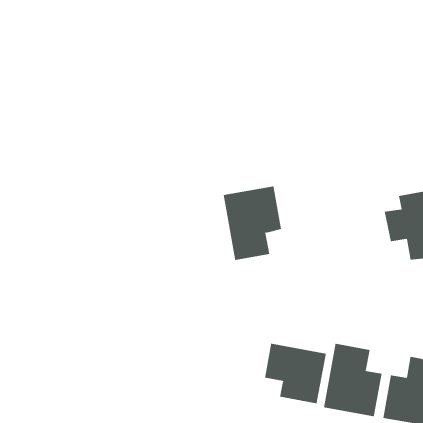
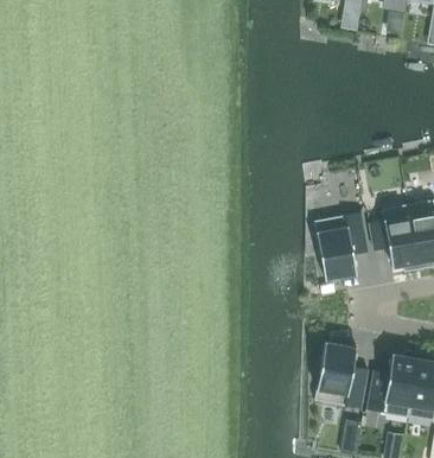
building: [223,186,282,261] -> [315,212,369,280]
building: [265,343,326,404] -> none

